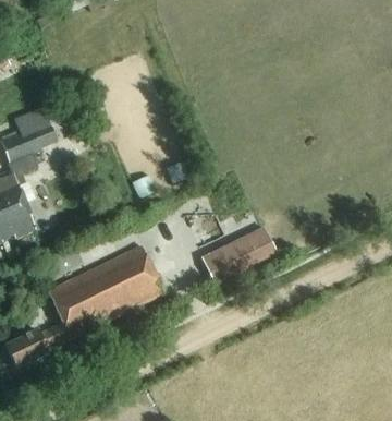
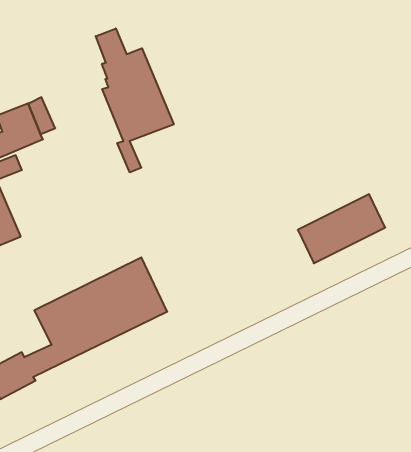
building: none -> [96,28,174,172]
building: [201,227,279,288] -> [298,194,385,263]

